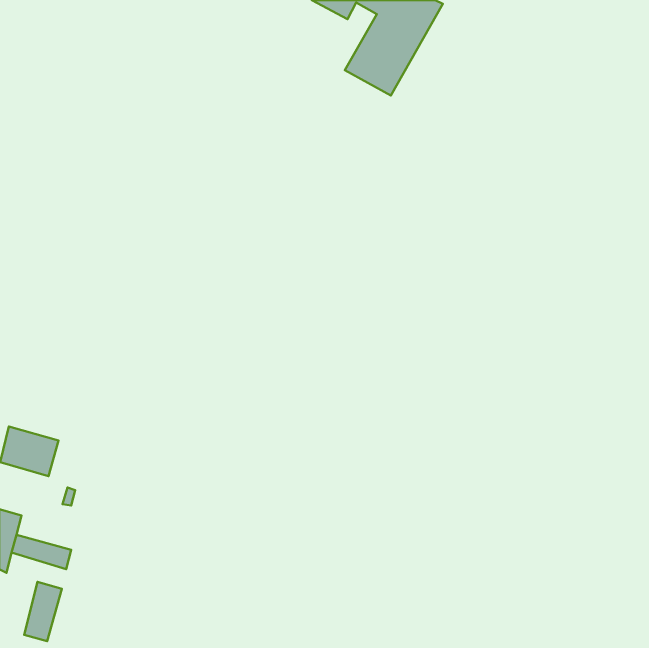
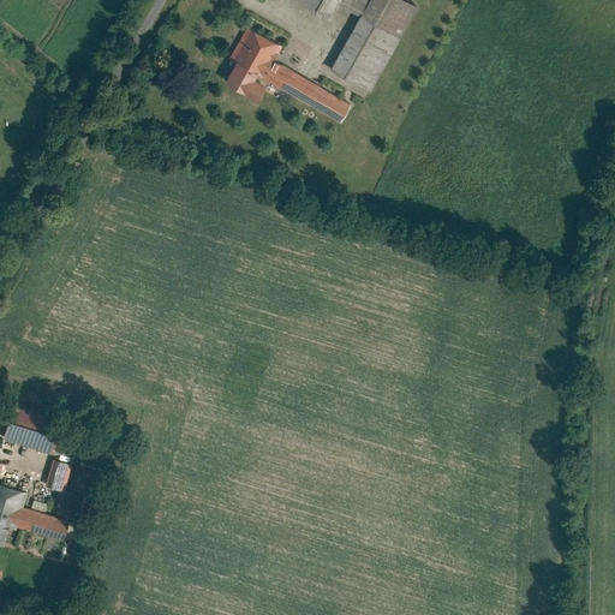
building: none -> [220,26,350,124]
building: [24,582,62,641] -> none

